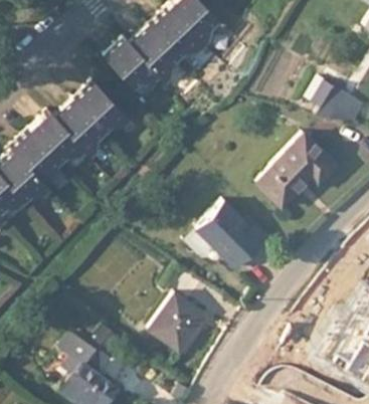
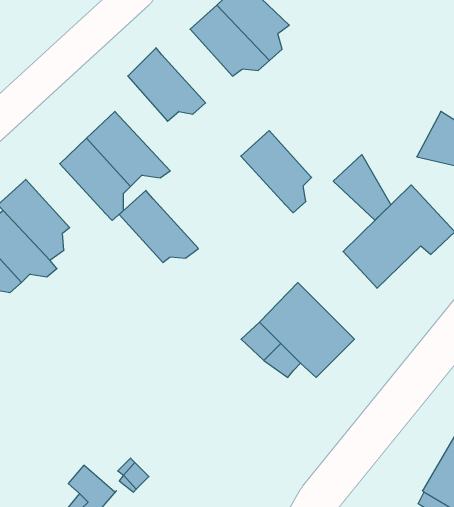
building: [129,22,179,80] -> [241,131,312,213]
building: none -> [333,155,391,220]
building: [32,112,88,163] -> [119,190,198,263]
building: [151,294,206,354] -> none

